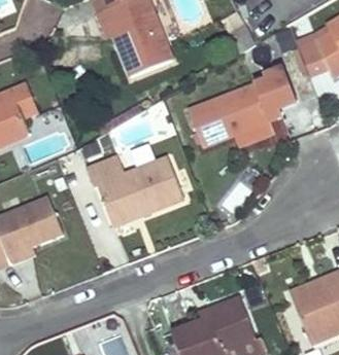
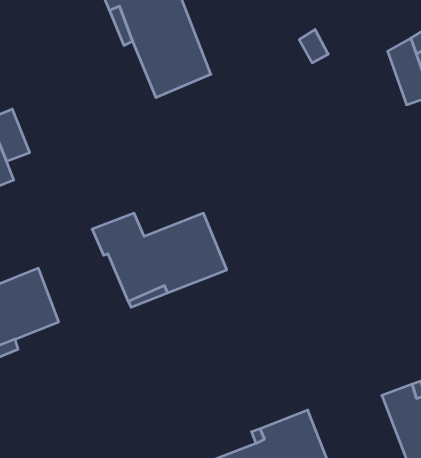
building: [189,69,296,144] -> none

